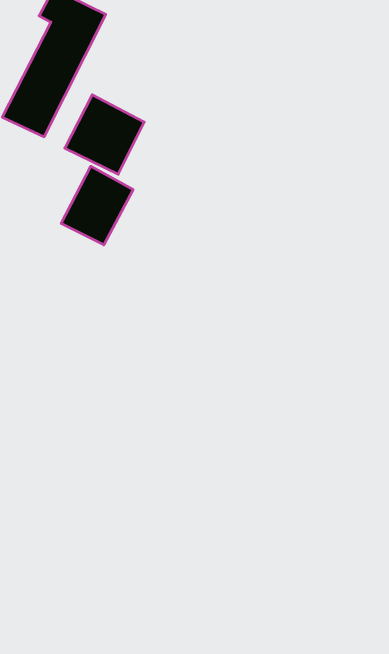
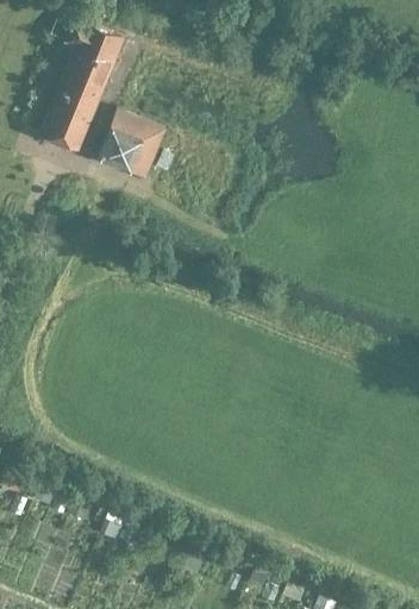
building: [61,166,133,245] -> none

